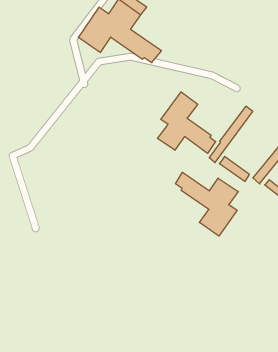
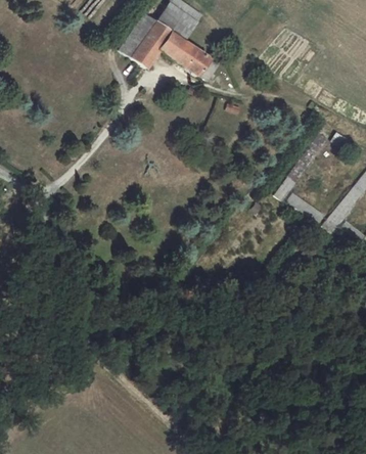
building: [158,92,216,153] -> none
building: [176,172,238,236] -> none

